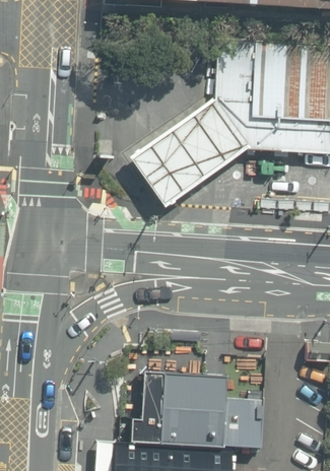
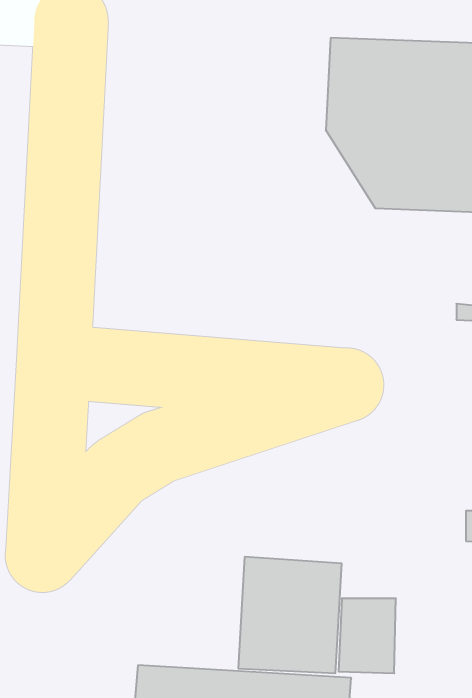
building: [127,98,248,208] -> none
building: [130,371,164,443] -> none

